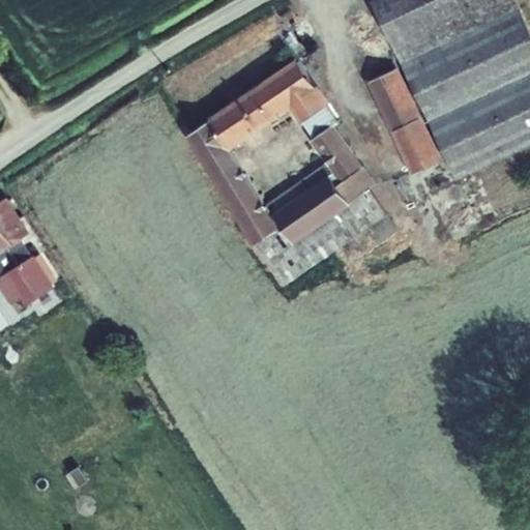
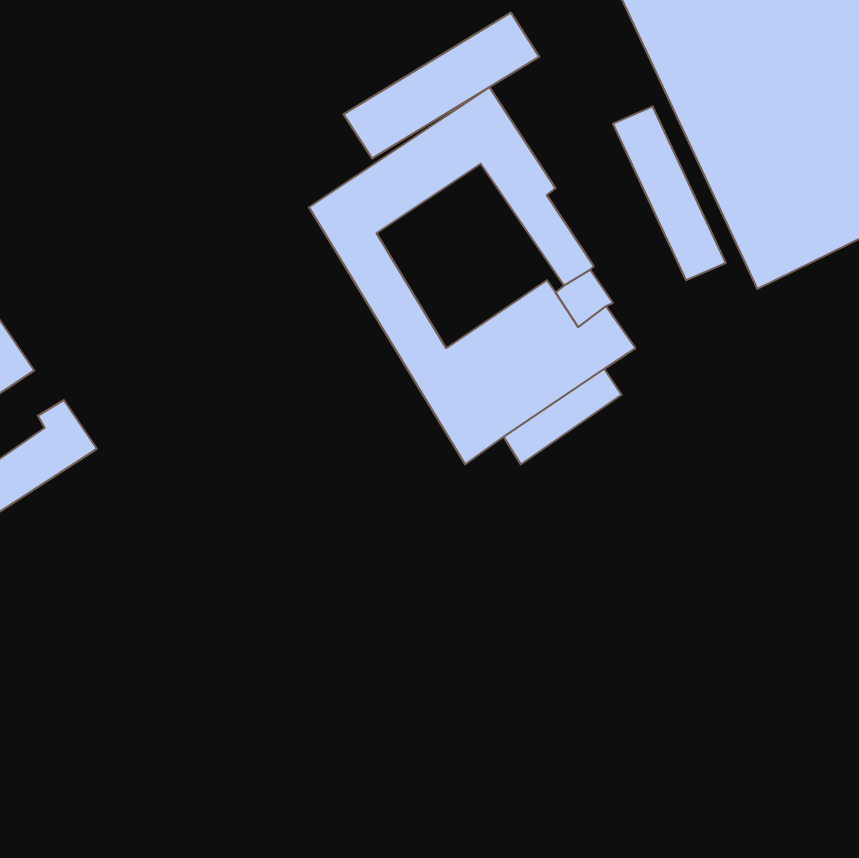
building: none -> [344,13,539,159]

